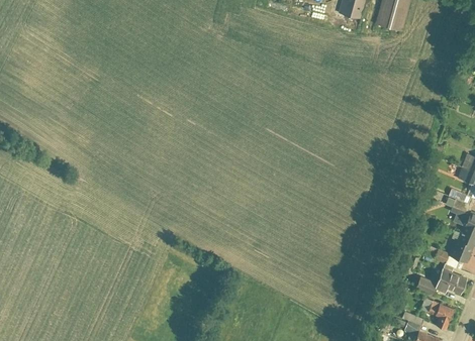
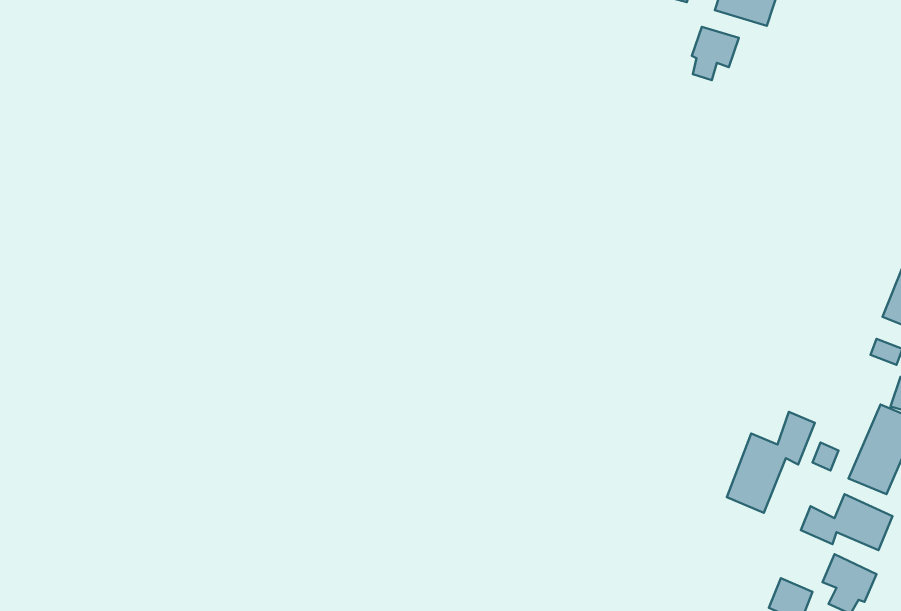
building: none -> [692,27,739,80]
building: none -> [727,412,815,513]

